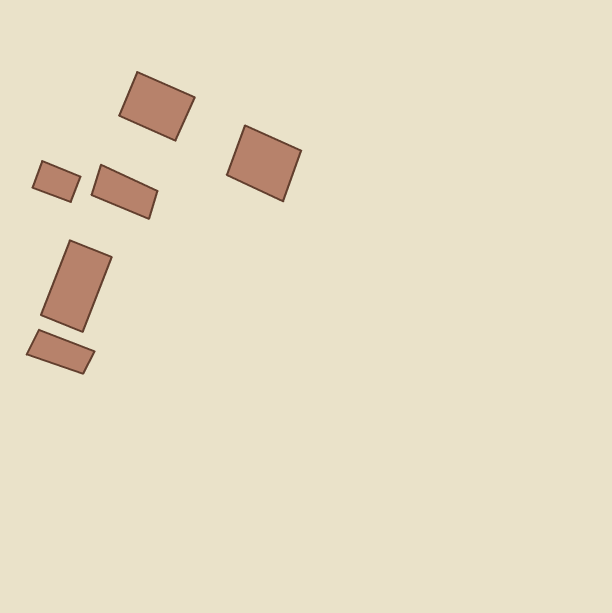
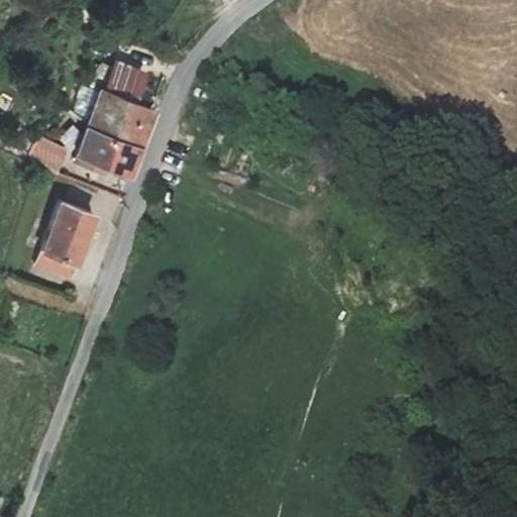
building: [227,126,301,201] -> [87,97,149,161]
building: [27,330,95,374] -> none

